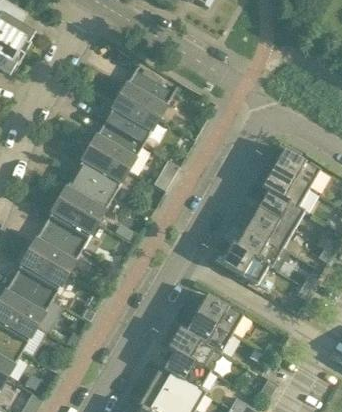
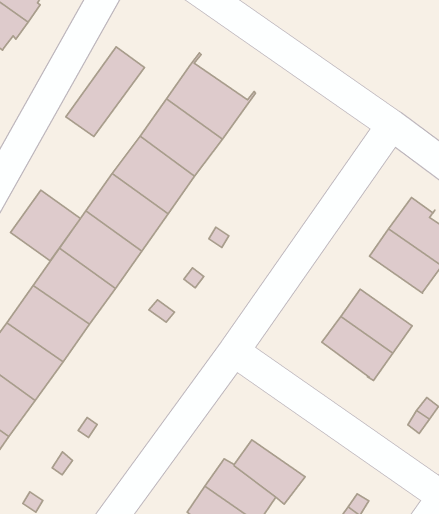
building: none -> [66,47,144,136]
building: none -> [10,190,80,261]
building: [254,186,304,229] -> none
building: [220,243,268,284] -> none
building: [195,293,243,334] -> none

